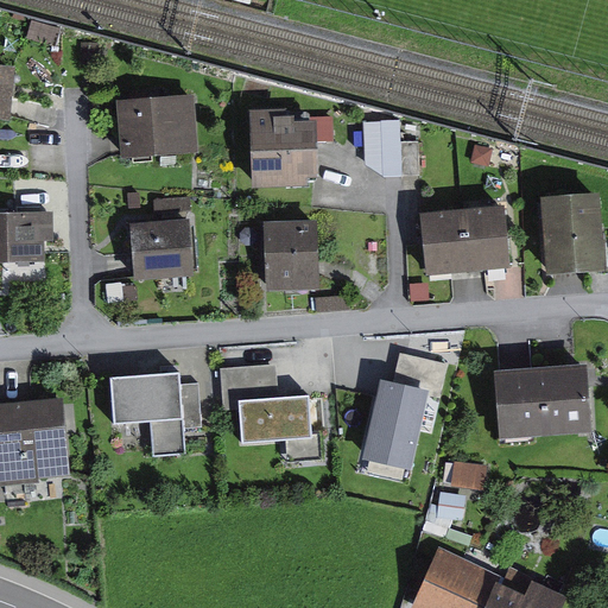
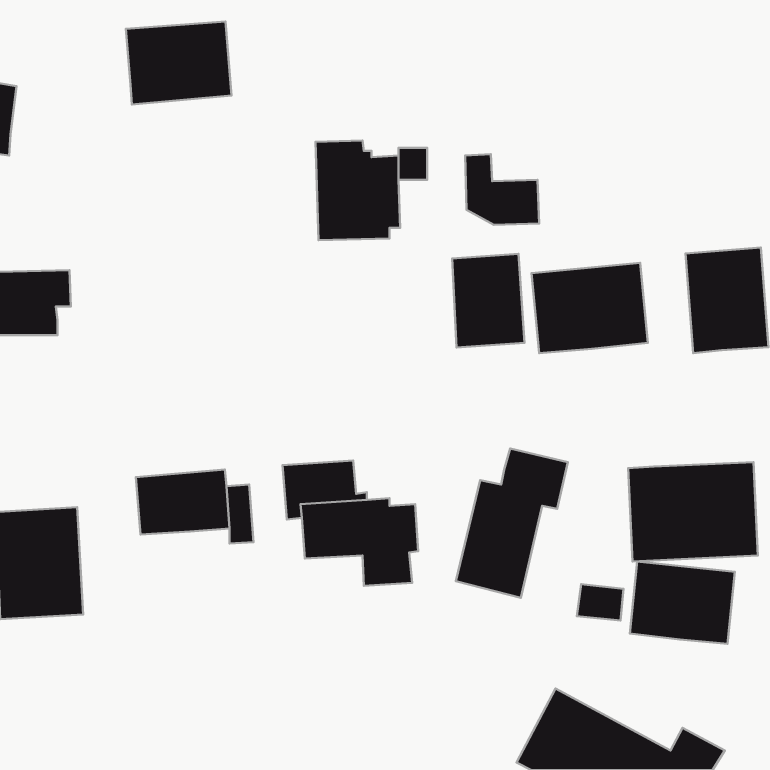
building: [115,95,198,160] -> [126,21,232,104]
building: [264,218,321,292] -> [452,254,525,348]
building: [129,220,194,281] -> none
building: [150,416,183,454] -> none
building: none -> [630,561,735,644]

